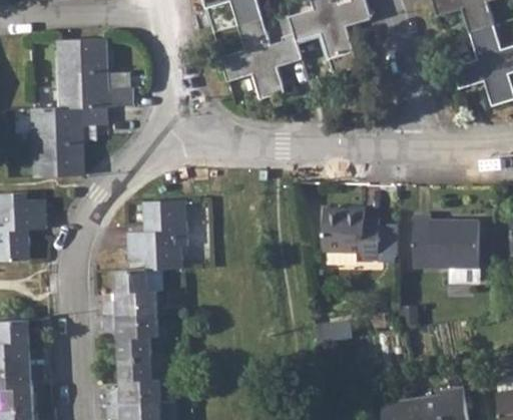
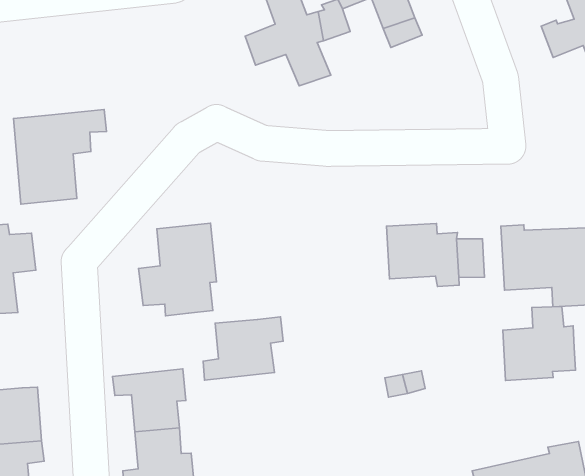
building: [58,39,135,109] -> none
building: [102,270,165,316] -> [203,317,283,380]
building: none -> [503,307,575,380]

